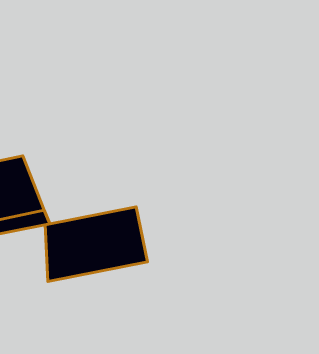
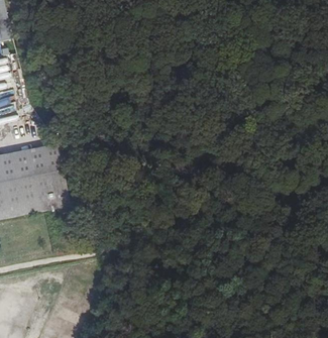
building: [45,207,148,281] -> none

